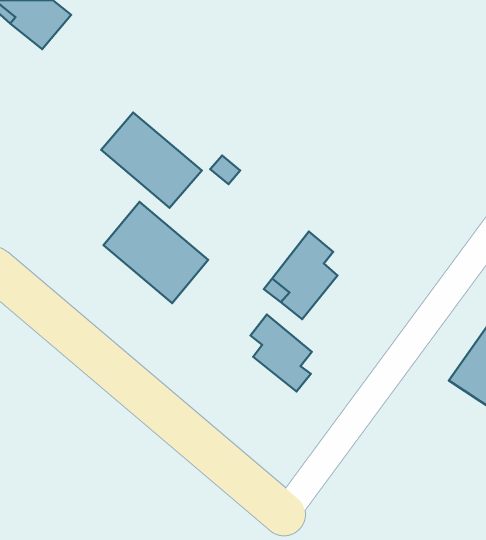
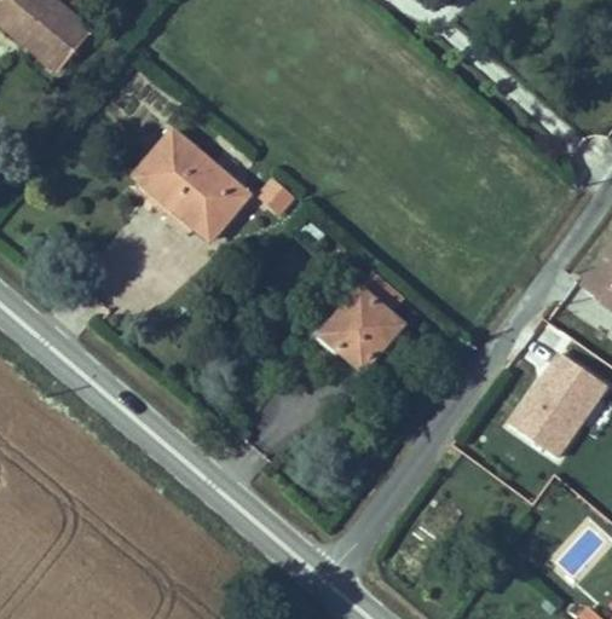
building: [104,202,208,303] -> none
building: [251,314,312,391] -> none

